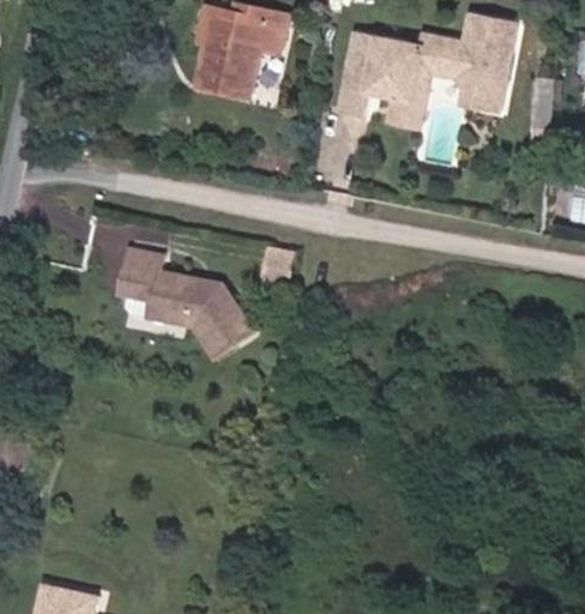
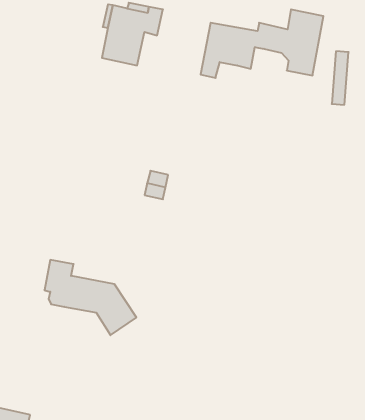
building: [387,68,432,127] -> none
building: [120,248,252,356] -> [44,260,136,335]

